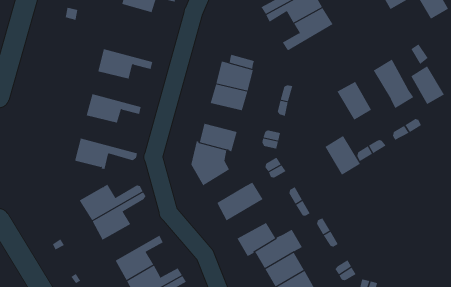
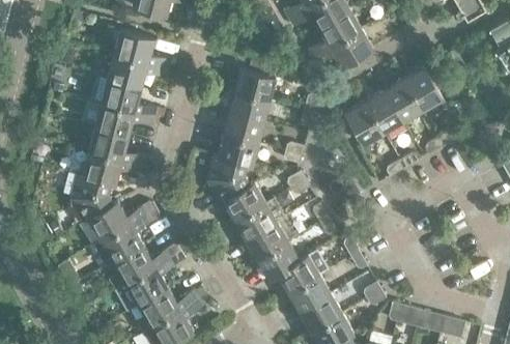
building: none -> [312,29,373,67]
building: none -> [113,30,170,69]
building: [410,66,445,105] -> [386,79,423,121]
building: none -> [101,80,158,118]
building: none -> [222,114,263,145]
building: none -> [88,127,152,168]
building: [324,135,361,175] -> [344,102,384,145]
building: none -> [69,174,113,222]
building: none -> [223,183,266,222]
building: none -> [246,218,298,260]
building: none -> [108,245,181,290]

